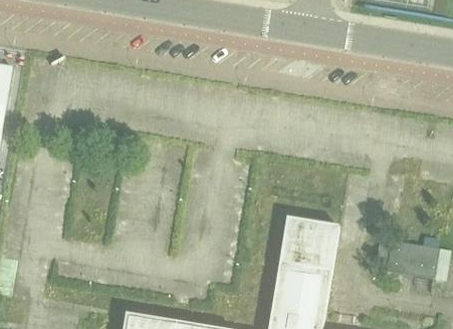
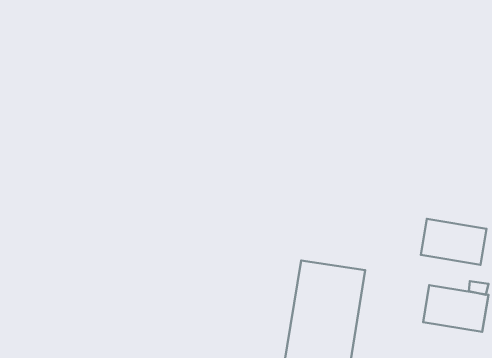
building: none -> [421,219,487,265]

